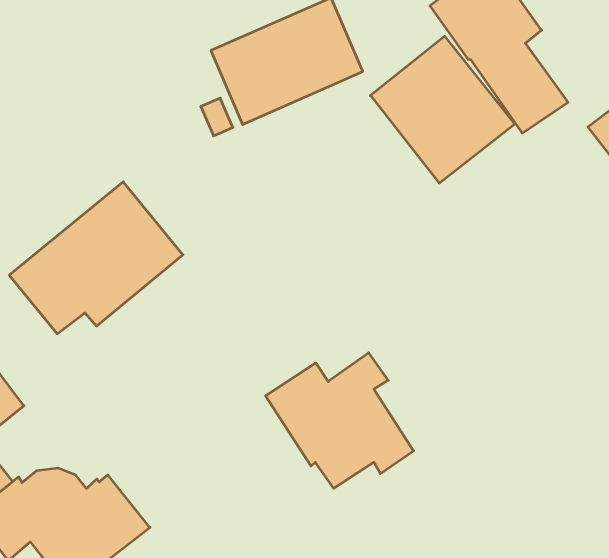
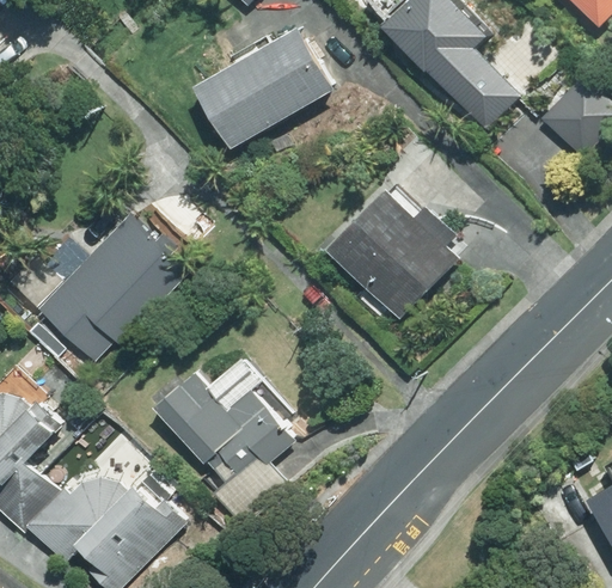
building: [370,36,515,183] -> [325,188,458,320]
building: [266,353,414,488] -> [155,356,294,482]

